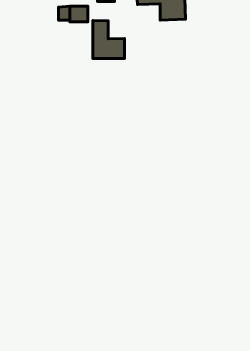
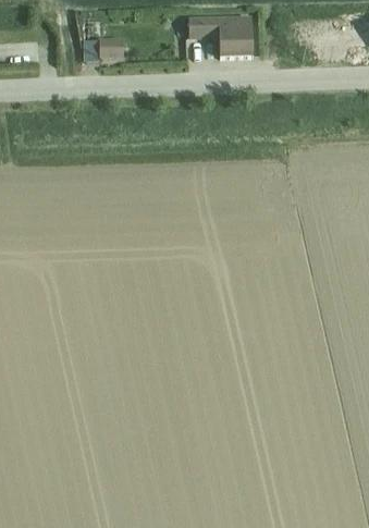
building: [93,21,125,59] -> none

